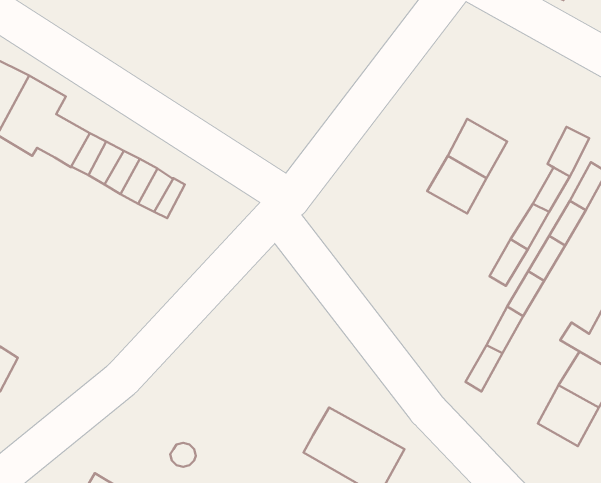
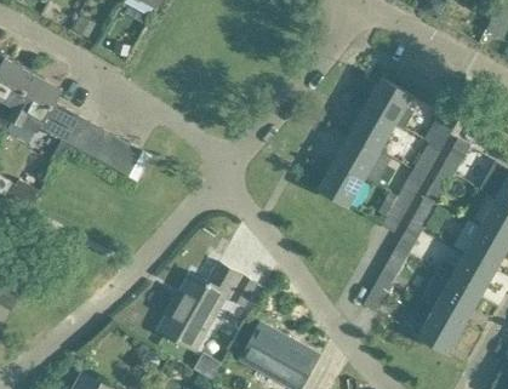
building: none -> [364,79,412,128]
building: none -> [318,161,364,206]
building: none -> [159,263,255,349]

